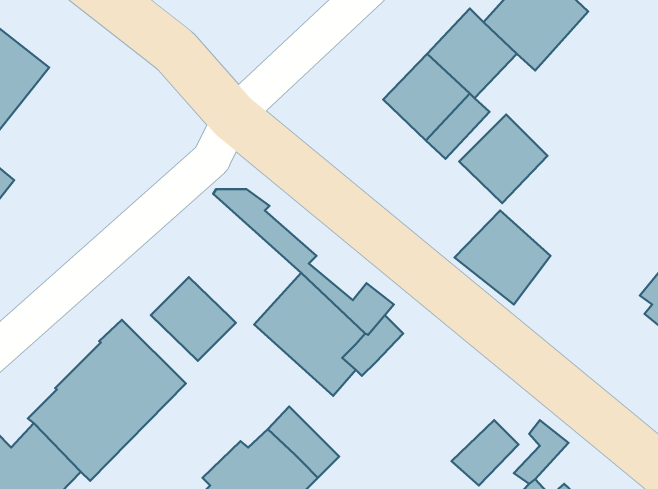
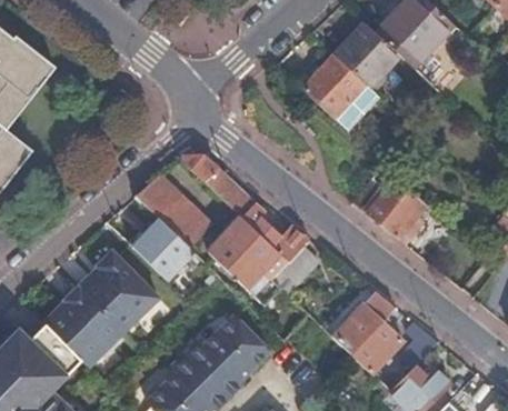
building: [459,114,548,203] -> none
building: none -> [135,172,209,249]
building: none -> [332,291,396,354]

